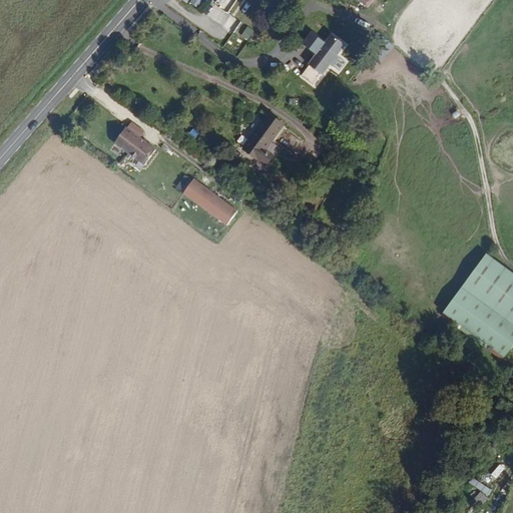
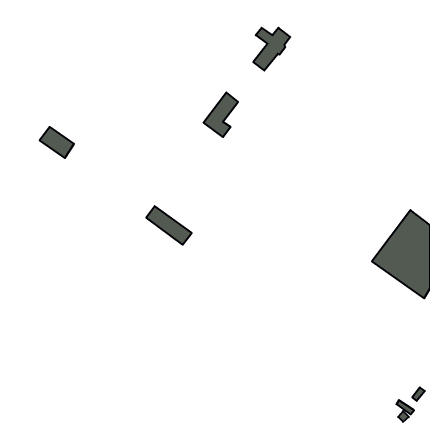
building: [114,126,155,163] -> [40,127,74,158]
building: [182,177,236,223] -> [146,206,192,245]

